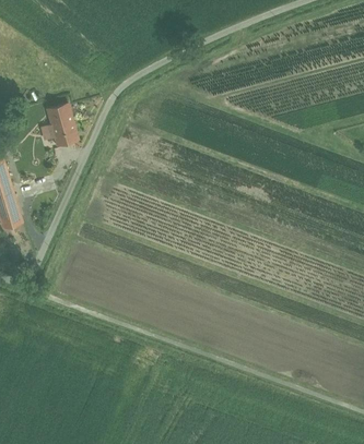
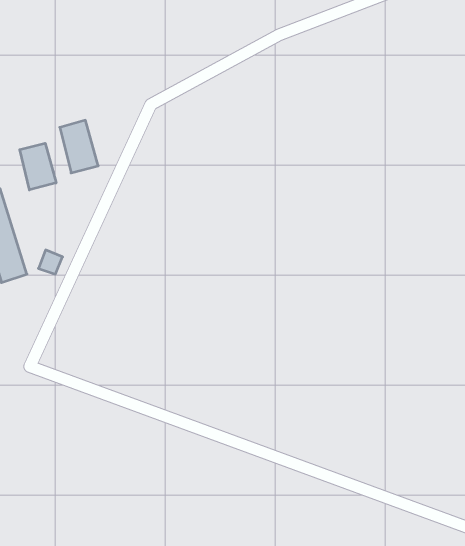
building: none -> [20,143,56,190]

